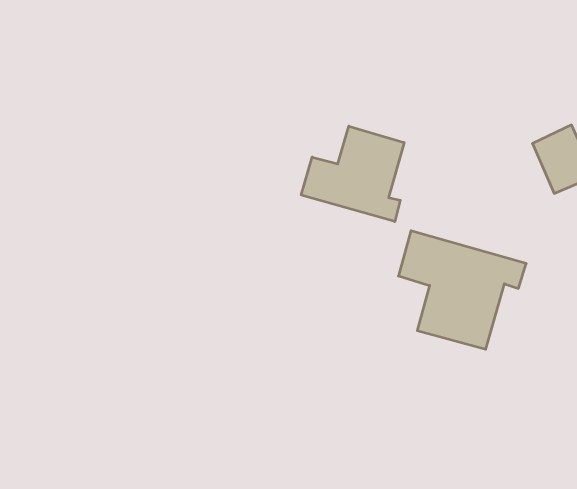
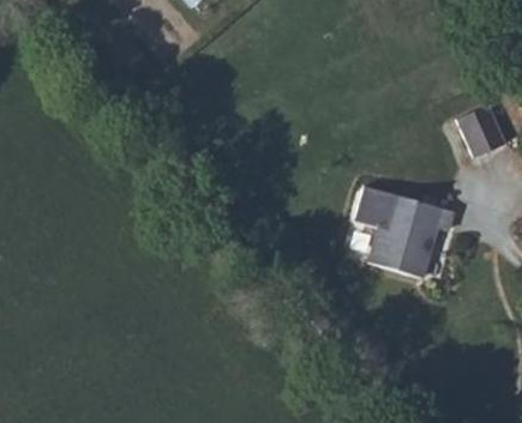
building: [301,126,404,222] -> none

